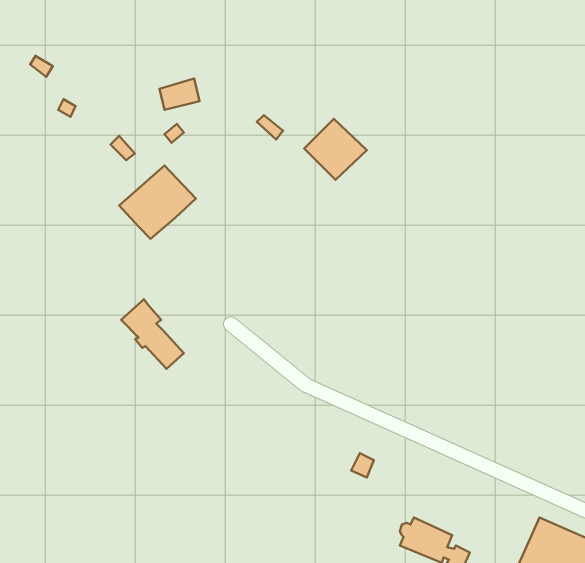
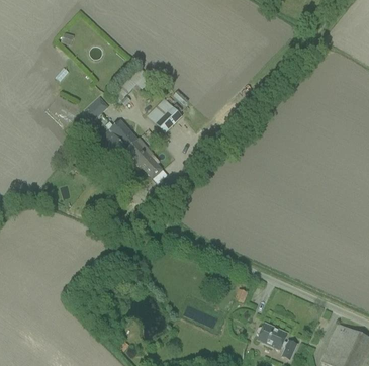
building: [304,119,367,180] -> [147,98,183,133]
building: [121,299,184,369] -> [126,138,163,178]

